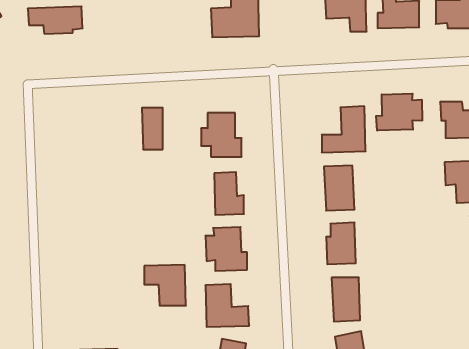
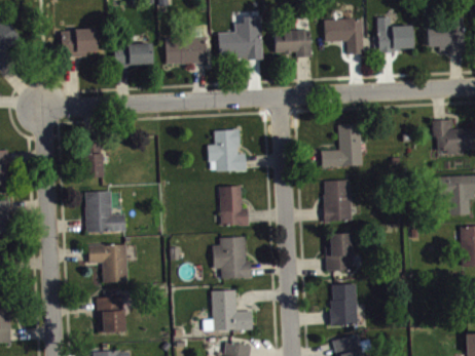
building: none -> [273,30,312,57]
building: none -> [165,37,206,64]
building: none -> [114,43,153,66]
building: [376,94,422,131] -> none
building: [142,108,163,149] -> [82,139,102,177]
building: none -> [85,191,125,233]
building: [144,265,186,306] -> [88,244,127,282]
building: none -> [97,296,124,332]

